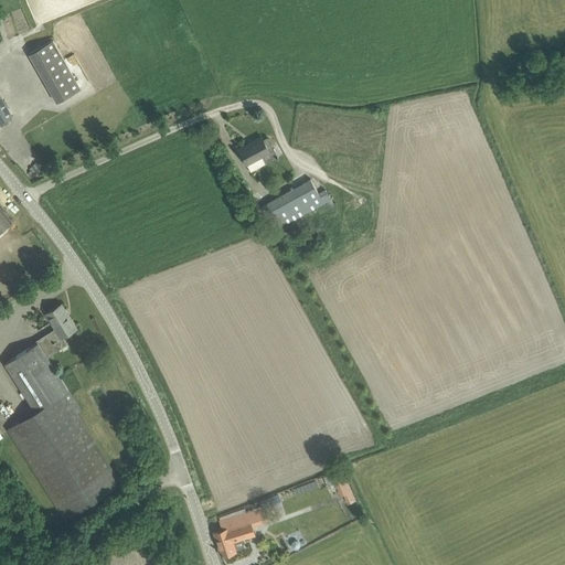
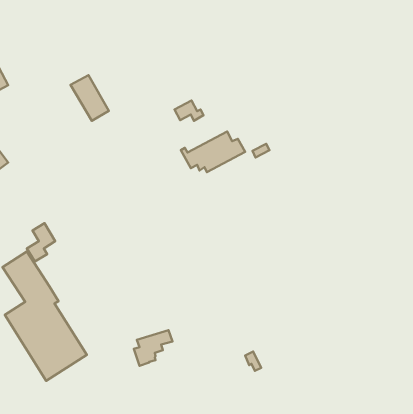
building: [28,41,79,103] -> [71,75,109,121]
building: [213,508,266,556] -> [134,330,173,366]

